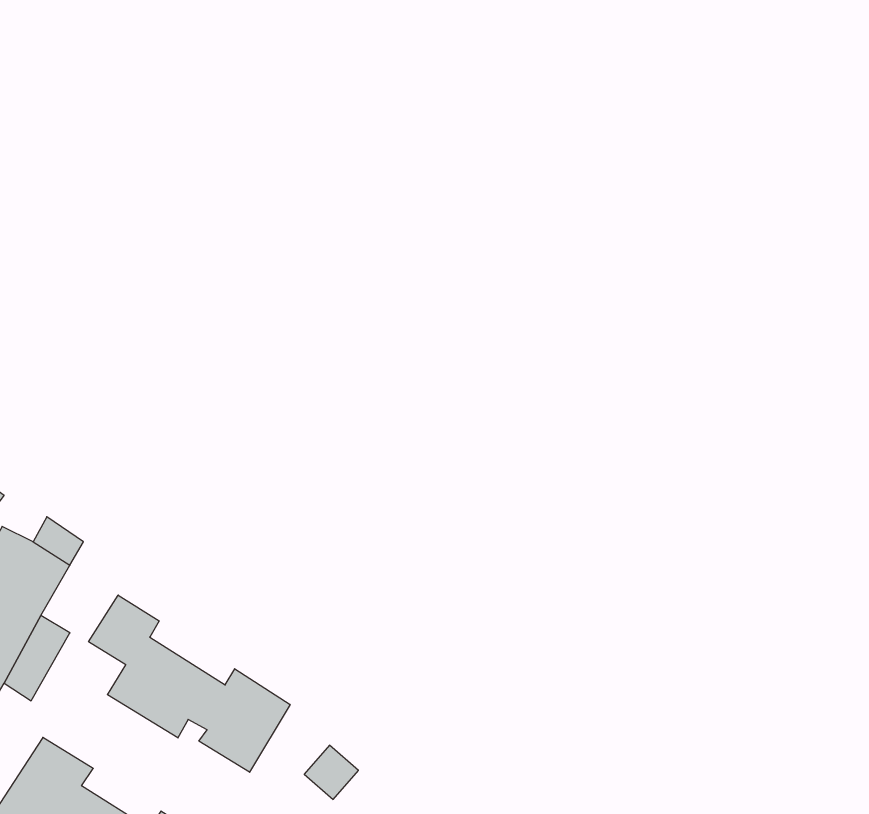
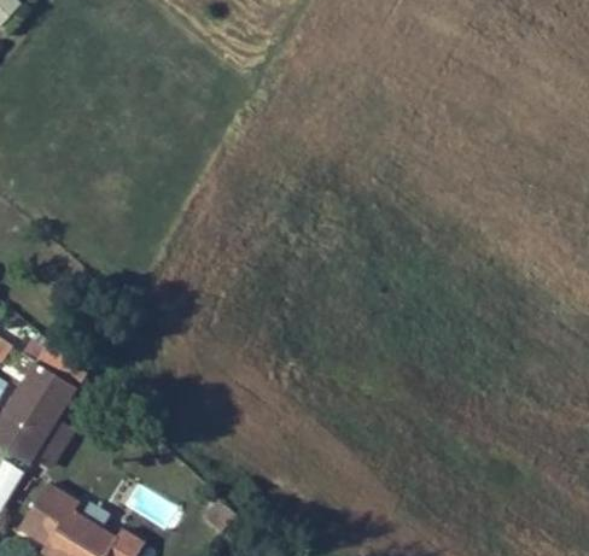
building: [89,595,290,772] -> none

